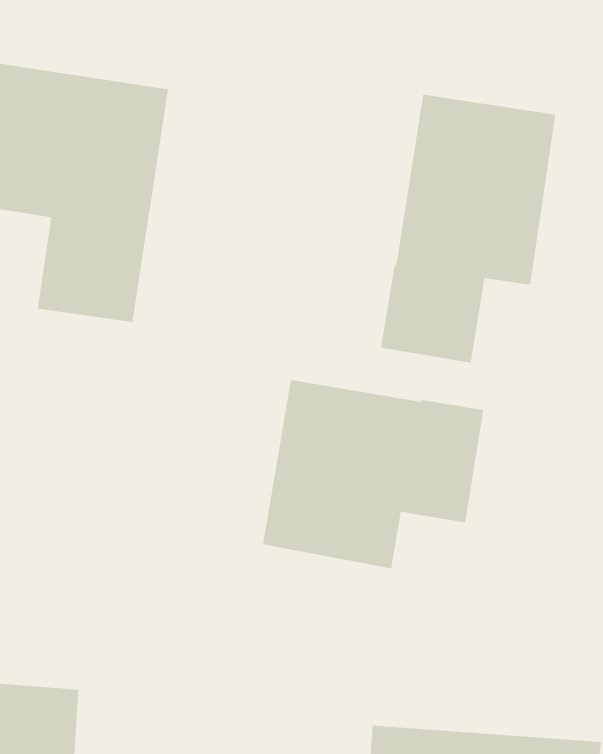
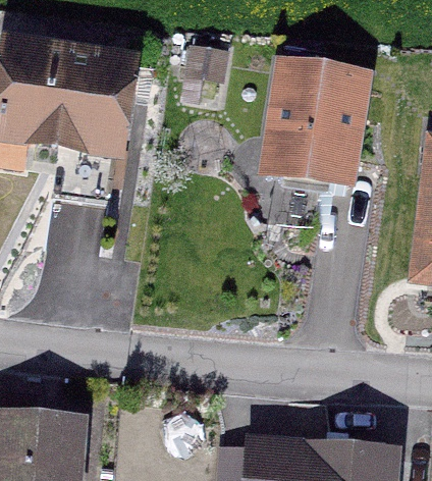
building: [262,379,484,569] -> none

